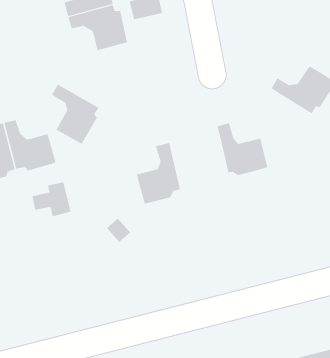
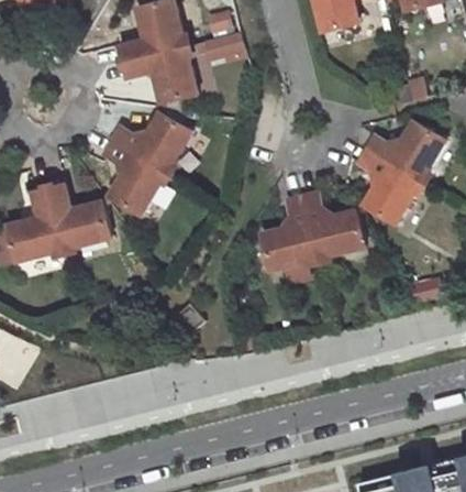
building: none -> [112,114,191,172]
building: none -> [358,149,418,222]
building: [136,143,181,204] -> [263,194,317,267]
building: [32,181,71,217] -> none

